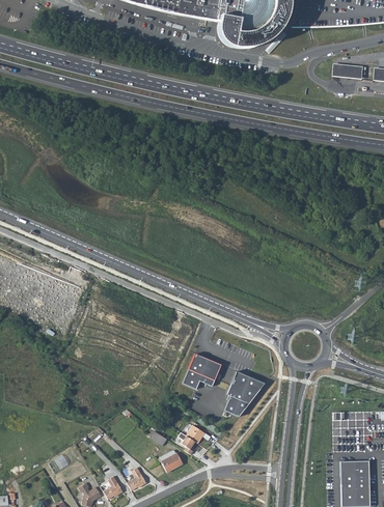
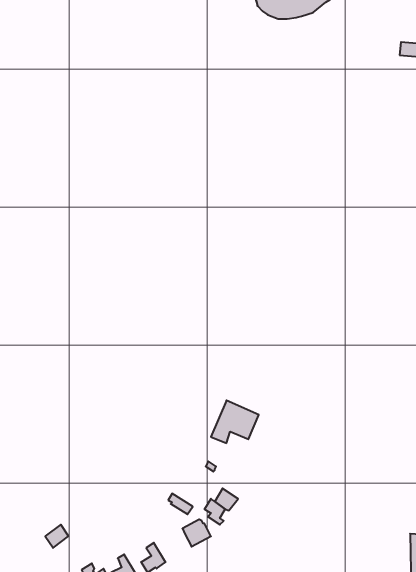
building: [224,369,265,415] -> none

